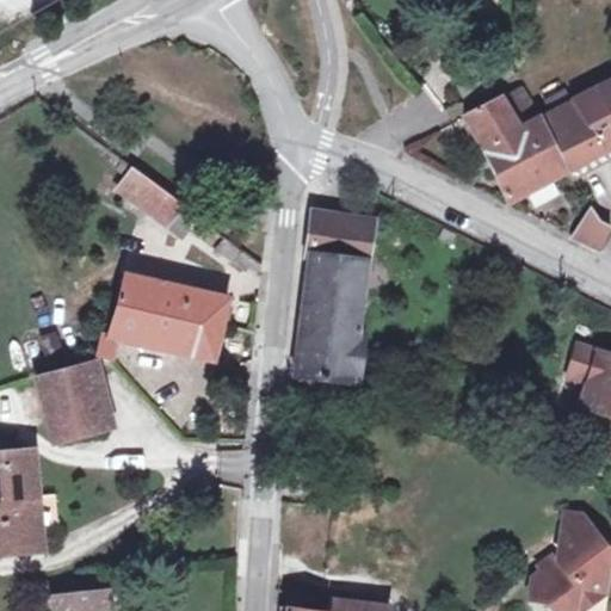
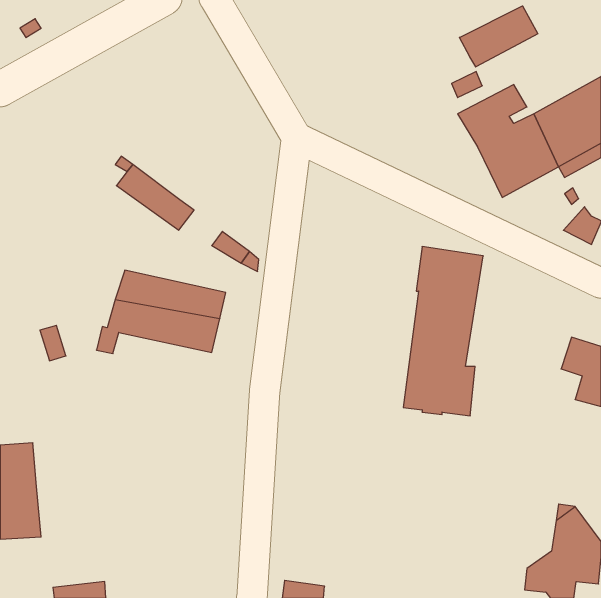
building: none -> [459,6,538,67]
building: [294,210,375,382] -> [403,247,483,416]
building: [37,363,106,442] -> none

